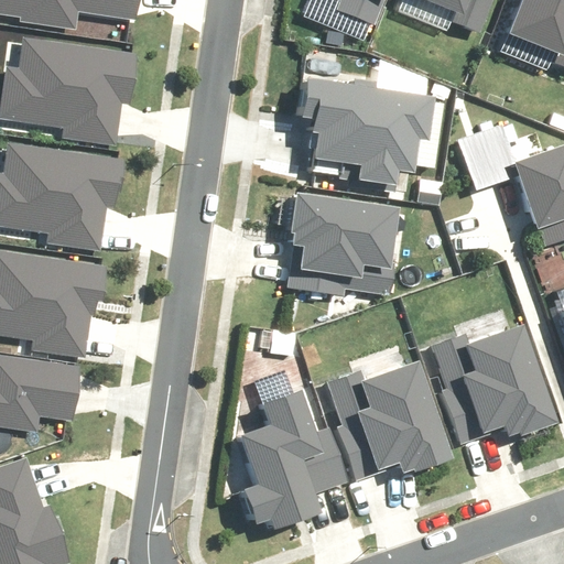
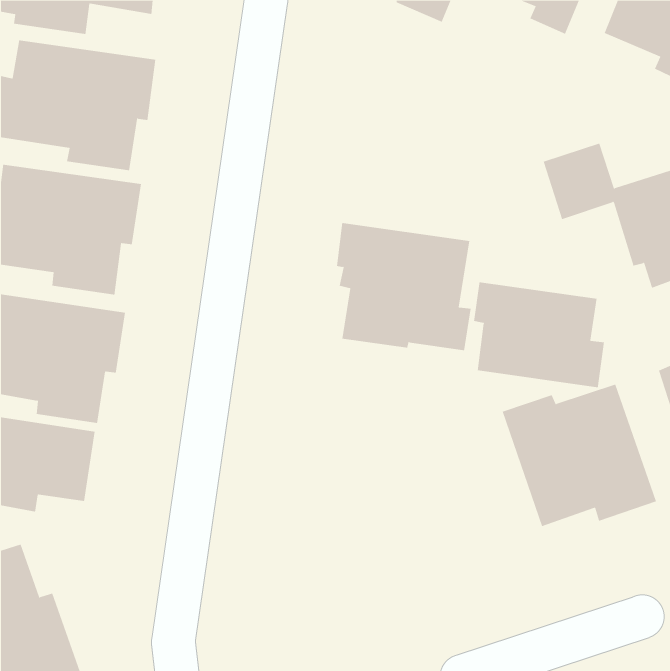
building: [299,84,427,182] -> none
building: none -> [474,282,604,388]
building: [322,359,448,477] -> none
building: [230,388,347,535] -> none

